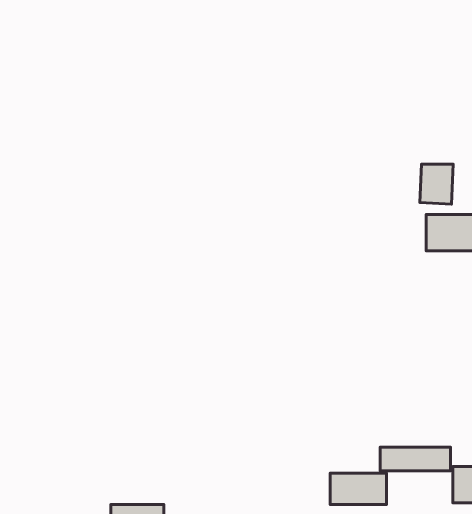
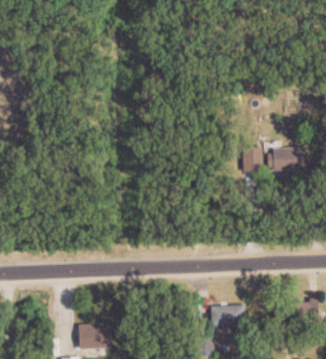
building: [420,164,453,204] -> [243,148,263,172]
building: [380,447,450,471] -> none

